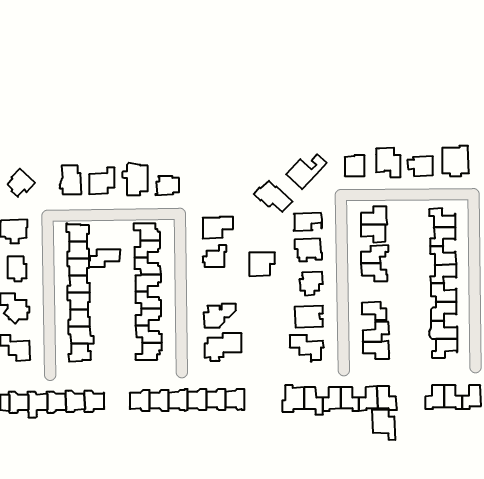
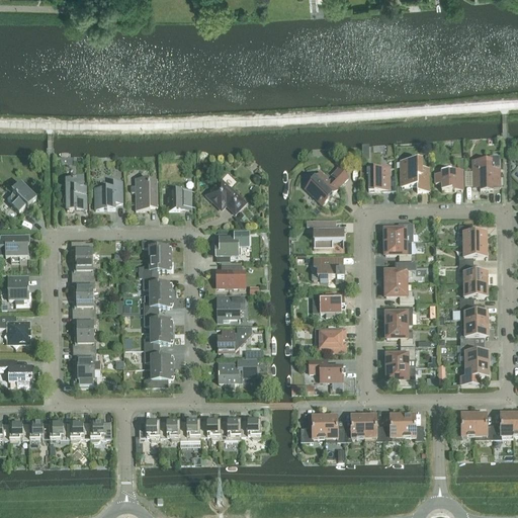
building: [254,181,293,212] -> [205,178,247,211]
building: [89,249,120,267] -> none
building: [249,252,275,276] -> [218,294,245,320]
building: none -> [386,305,413,324]
building: [372,409,395,440] -> none

